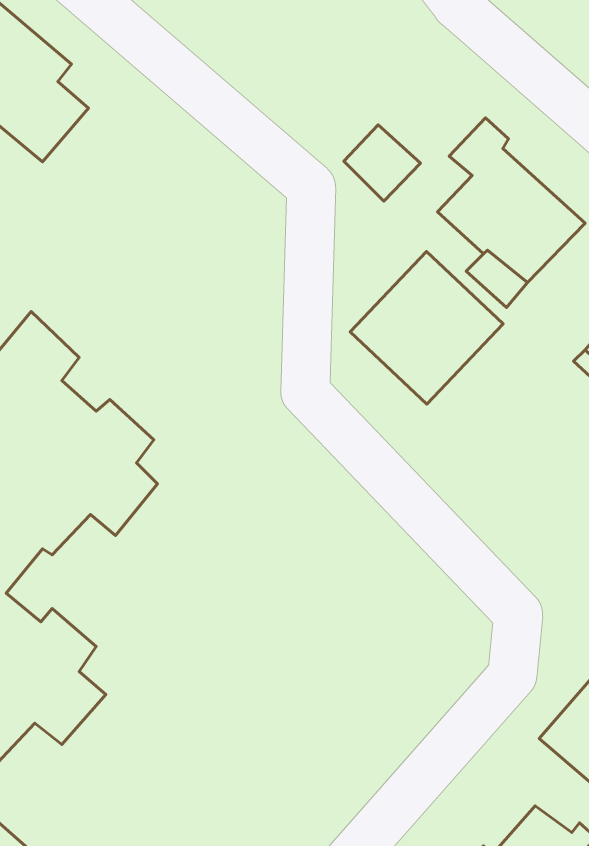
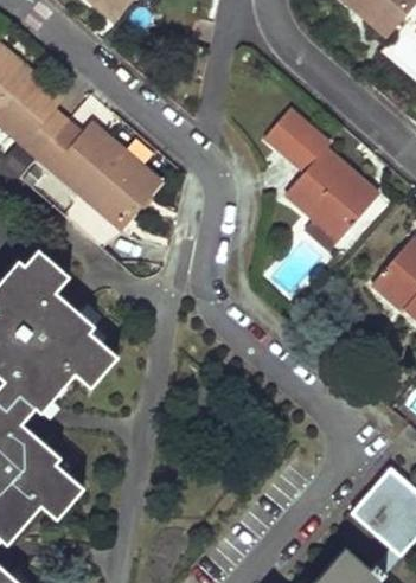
building: none -> [43,124,160,225]
building: [344,125,420,201] -> [269,107,316,154]
building: [350,252,503,404] -> none

